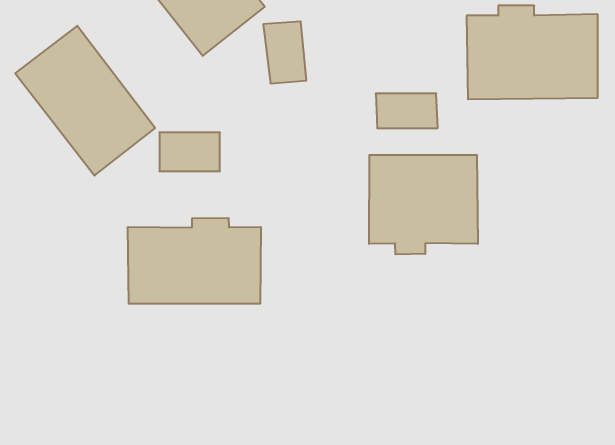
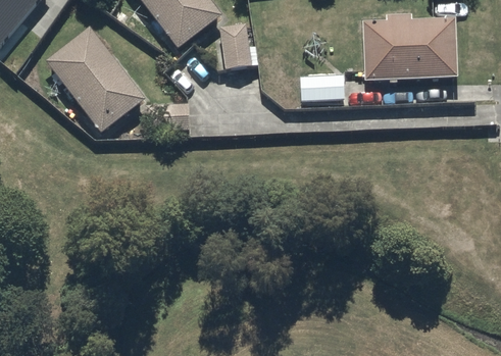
building: [369,155,478,254] -> none
building: [128,218,261,304] -> none

